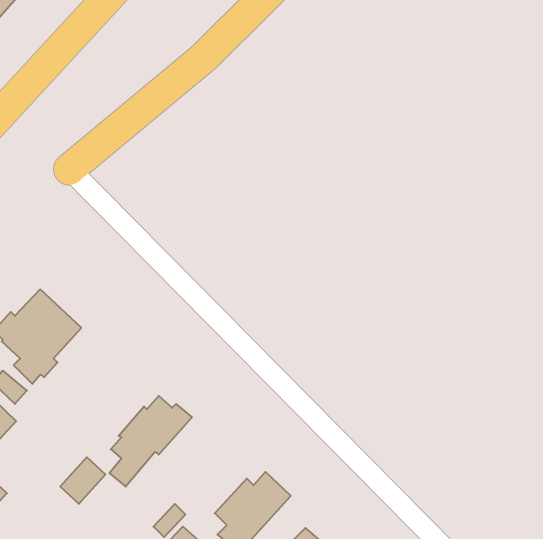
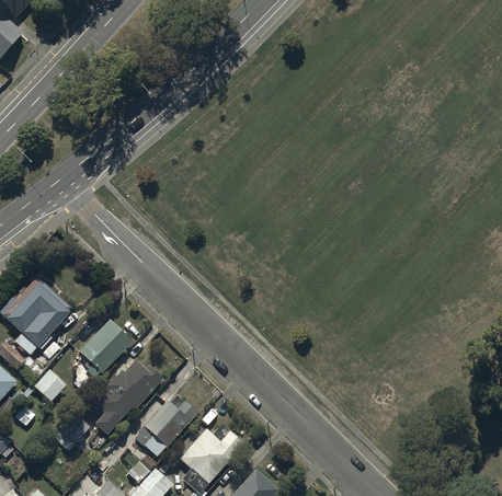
building: none -> [78,318,130,379]
building: none -> [33,370,65,402]
building: none -> [135,402,197,457]

